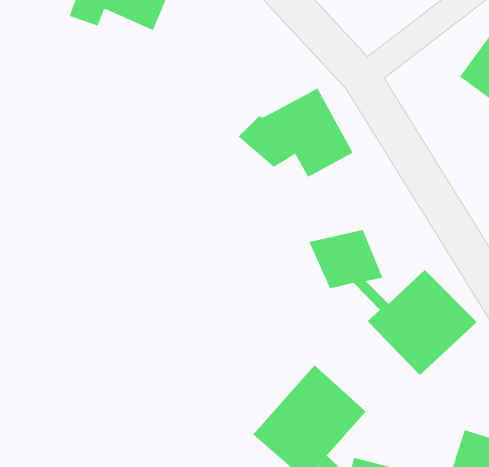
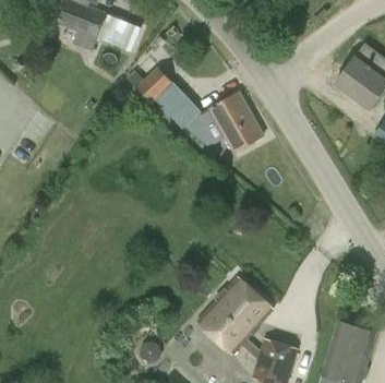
building: none -> [134,67,200,129]
building: [309,229,477,376] -> none

